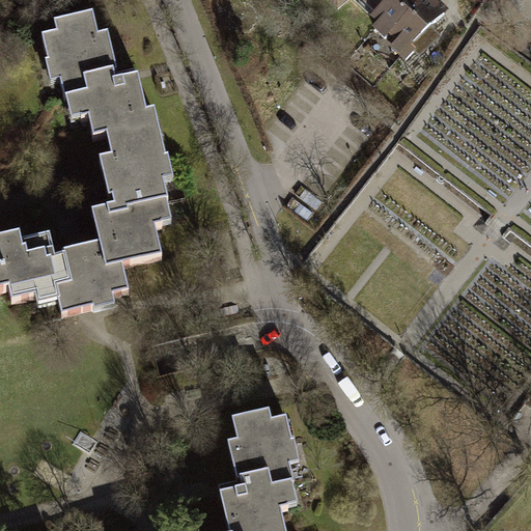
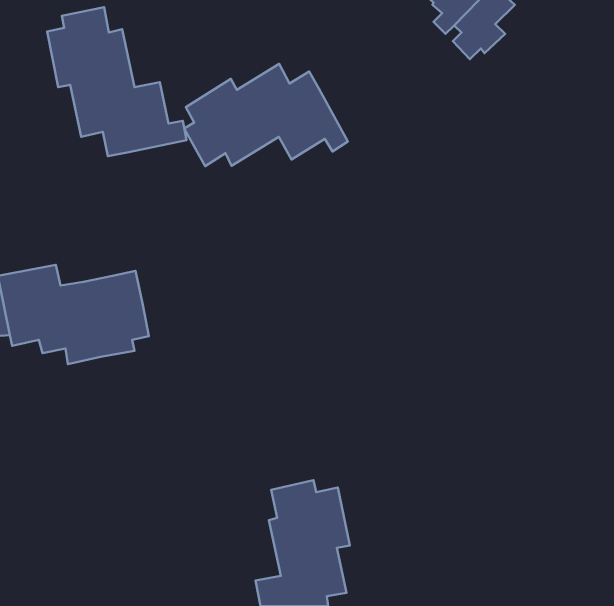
building: none -> [184,64,348,166]
building: [90,120,171,261] -> none

